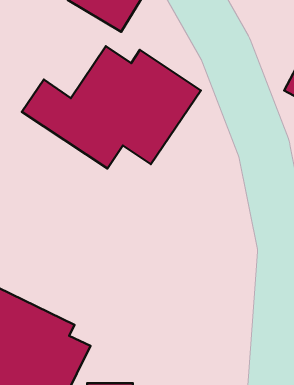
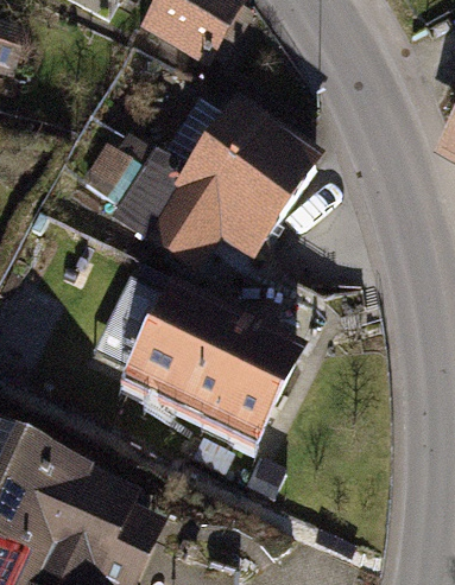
building: none -> [121,279,304,445]

